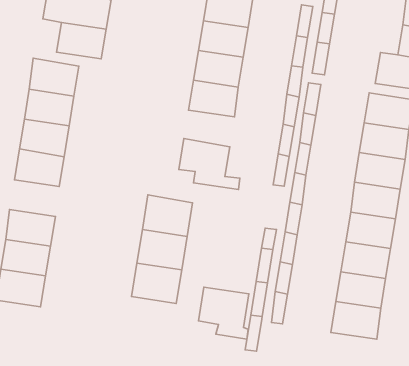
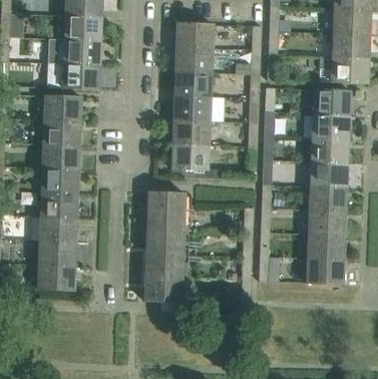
building: none -> [171,120,210,145]
building: none -> [40,193,77,218]
building: [199,287,249,339] -> [144,274,184,311]

